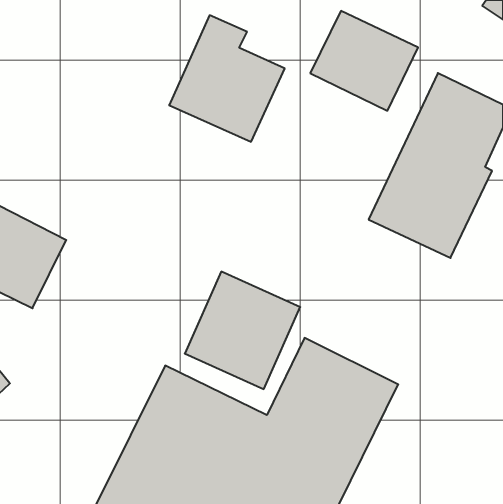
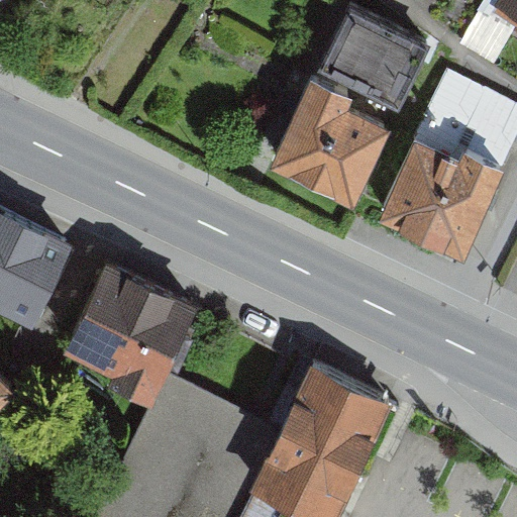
building: [169,15,285,142] -> [269,82,387,211]
building: [185,272,300,389] -> [72,264,190,384]

